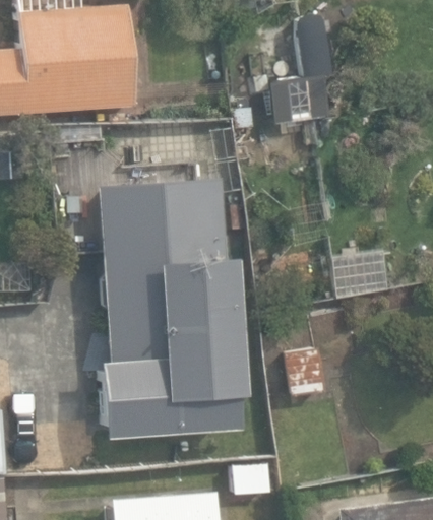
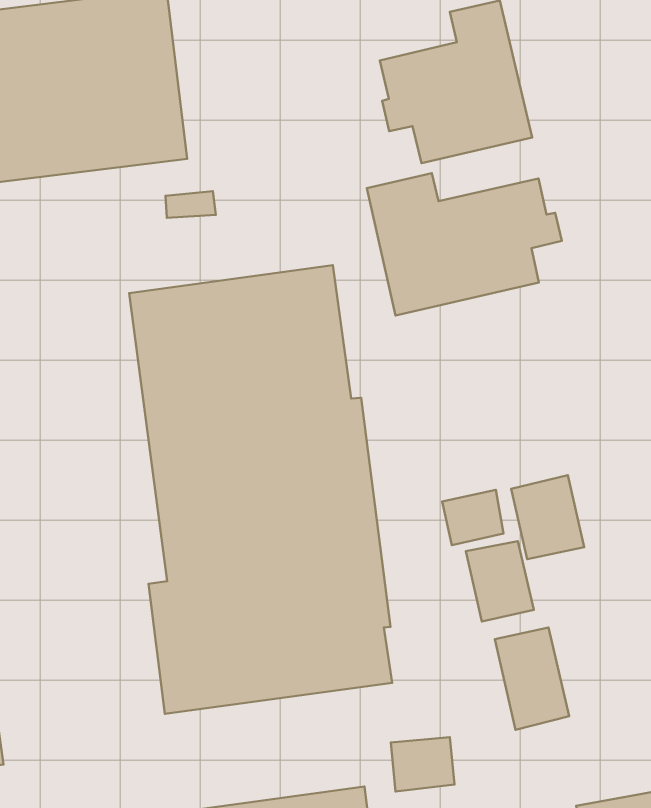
building: none -> [367,173,562,316]

